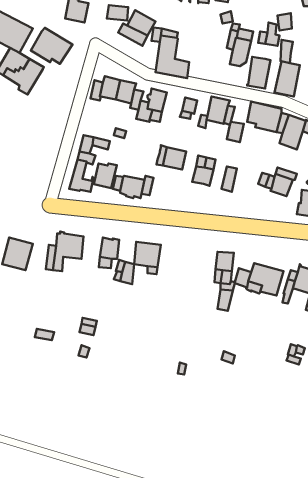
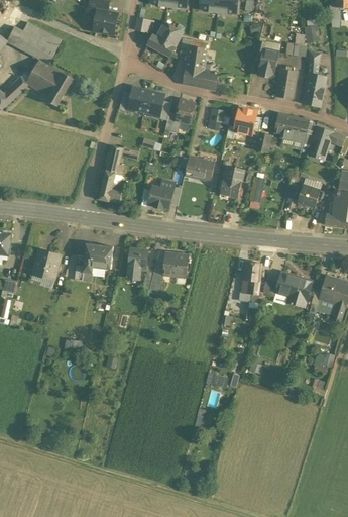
building: [31,28,72,64] -> none
building: [94,163,117,188] -> none

